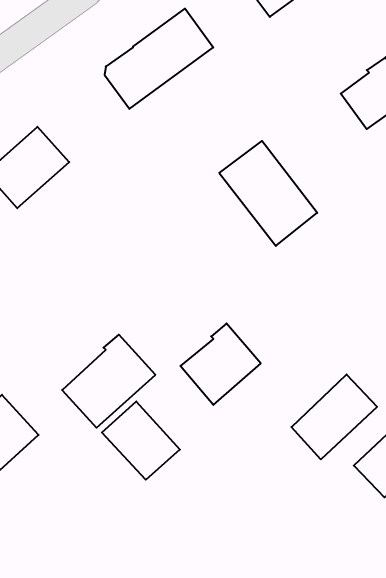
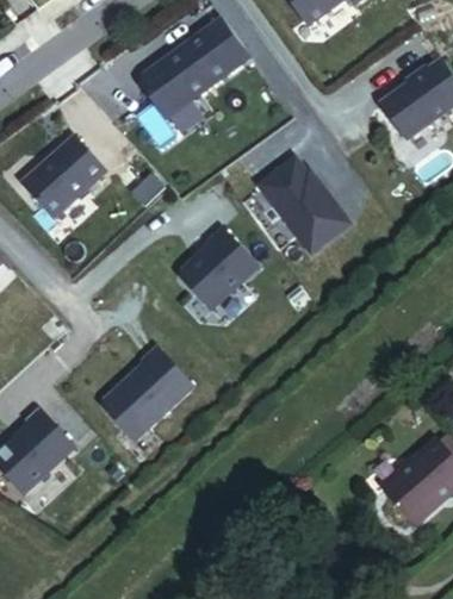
building: [180,323,261,405] -> [175,230,256,312]
building: [291,374,377,459] -> none
building: [102,401,180,480] -> none

